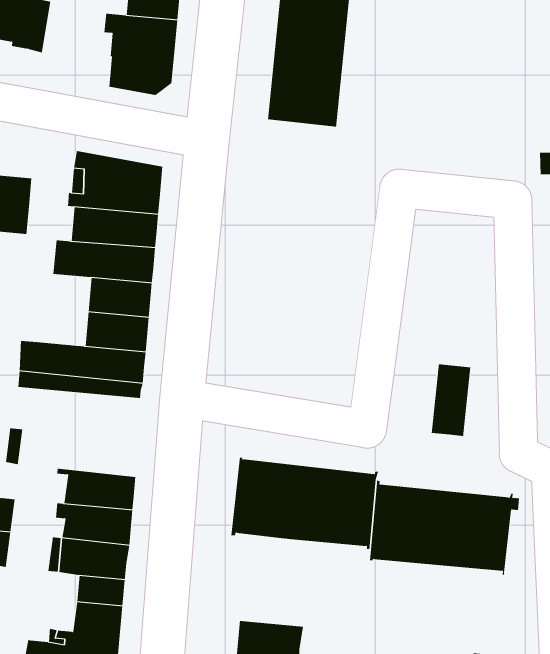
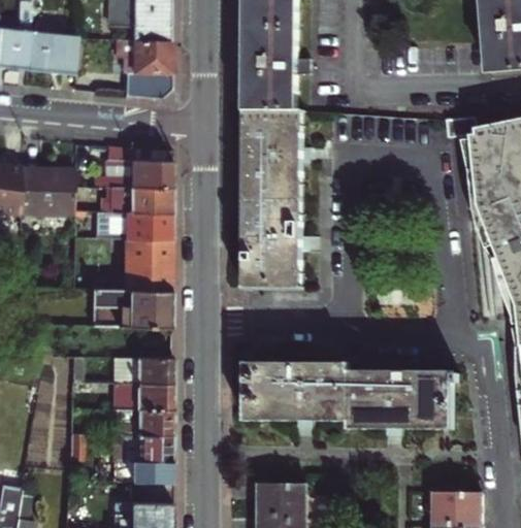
building: none -> [243,108,303,290]
building: [431,364,471,437] -> none
building: none -> [110,356,170,384]

